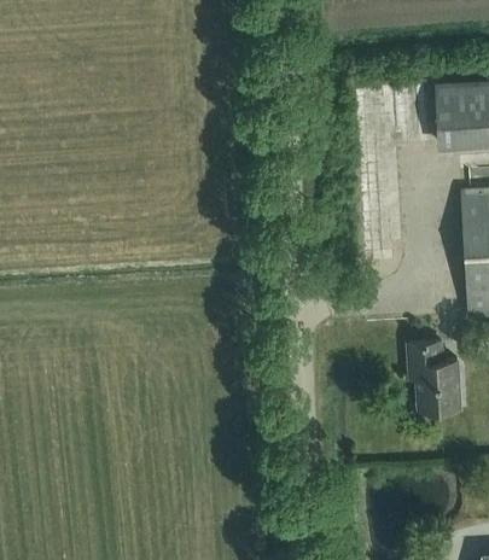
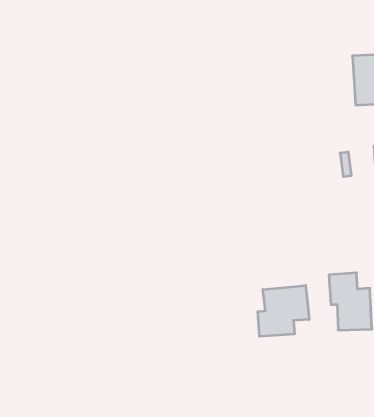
building: none -> [258,285,309,336]

